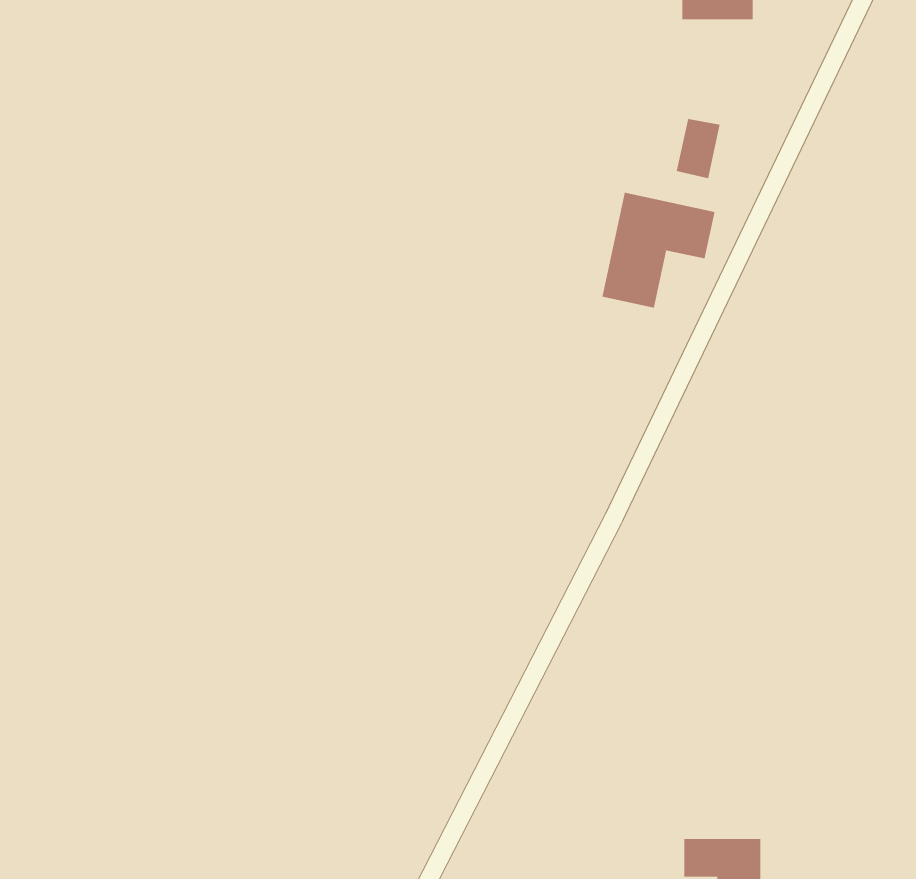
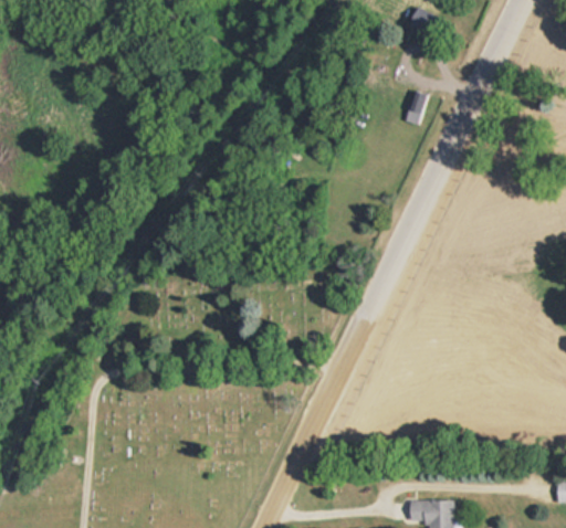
building: [602,192,715,308] -> none

